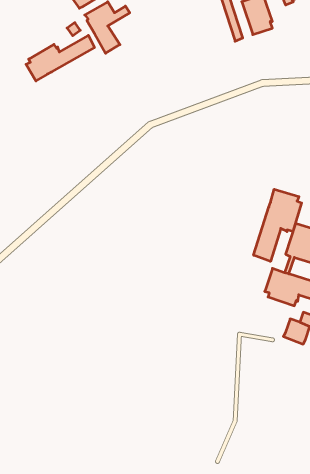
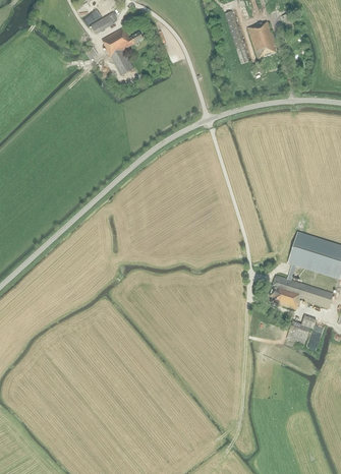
building: [26,35,94,81] -> none
building: [254,189,302,261] -> none

